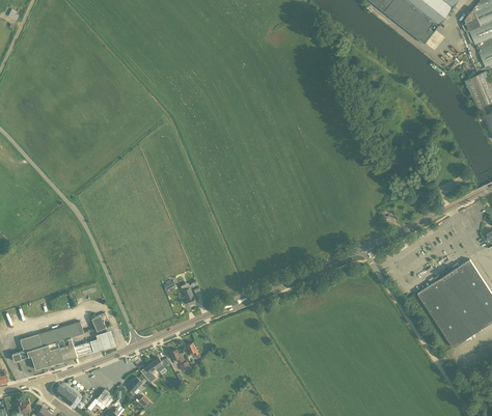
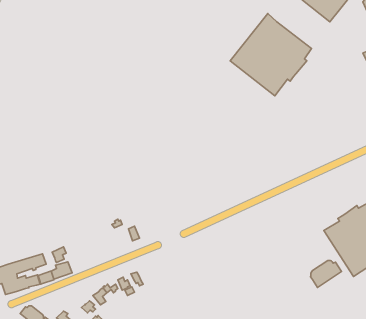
building: none -> [230,14,311,96]
building: none -> [311,260,341,288]

